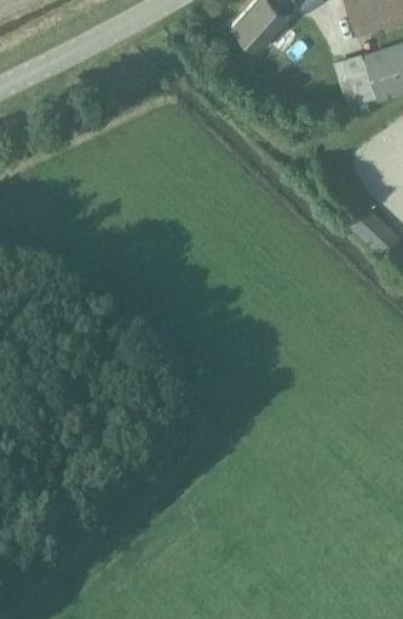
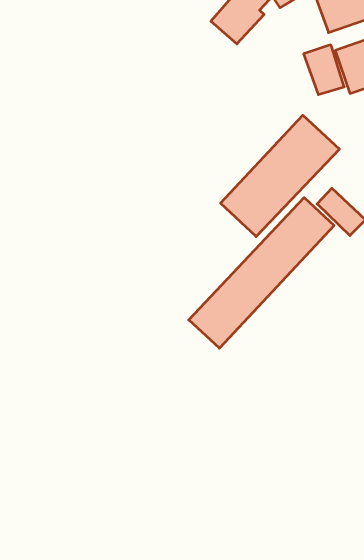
building: none -> [221,115,339,237]
building: none -> [189,198,334,348]

